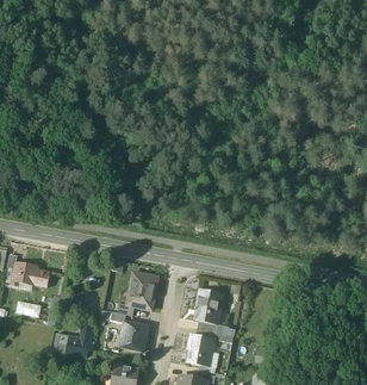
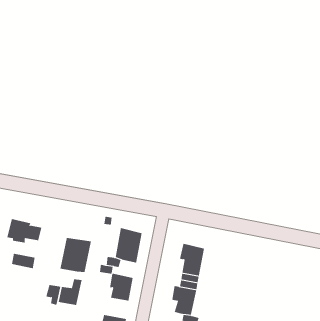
building: none -> [60,237,92,273]

